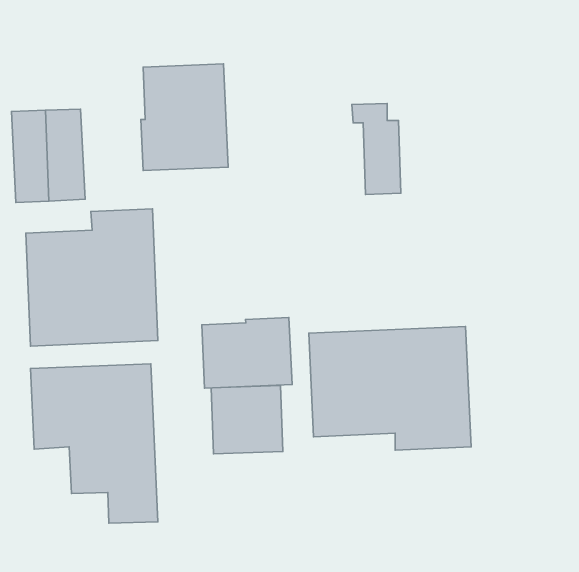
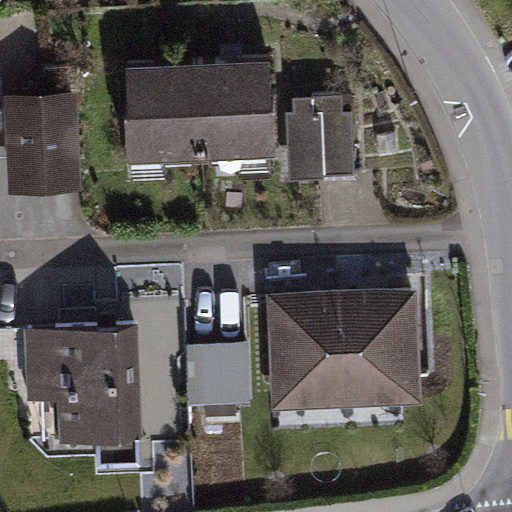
building: none -> [197,61,275,155]
building: [26,209,158,346] -> none
building: [202,318,292,388] -> none

